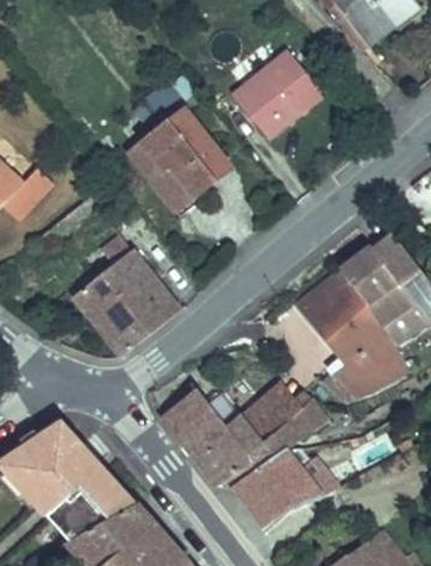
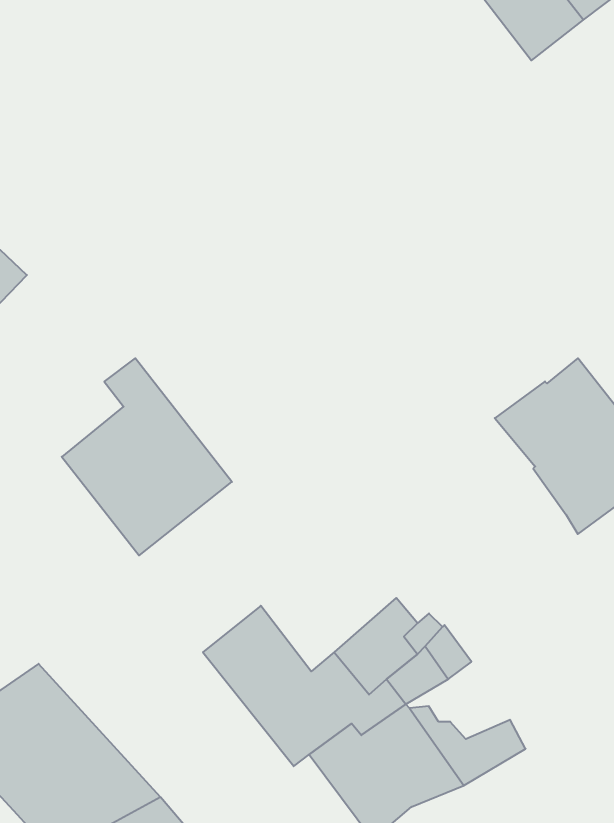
building: [233,50,321,138] -> none
building: [127,83,230,216] -> none
building: [298,269,406,400] -> none

